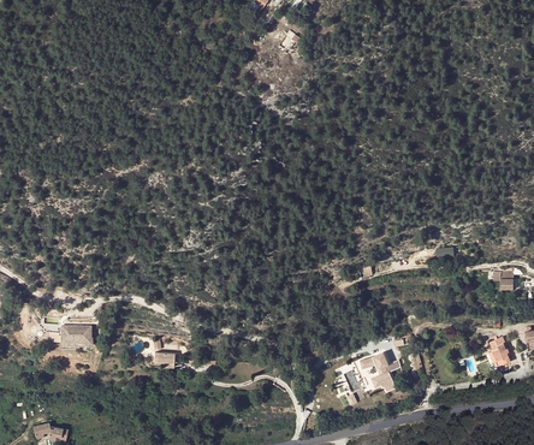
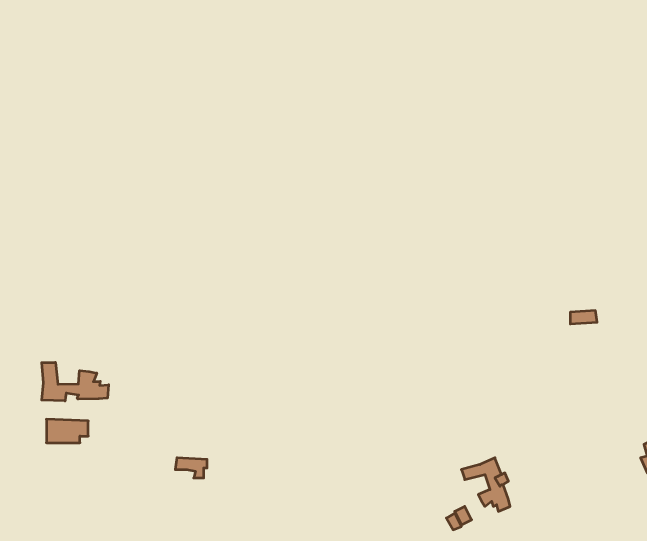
building: none -> [42,362,109,401]

